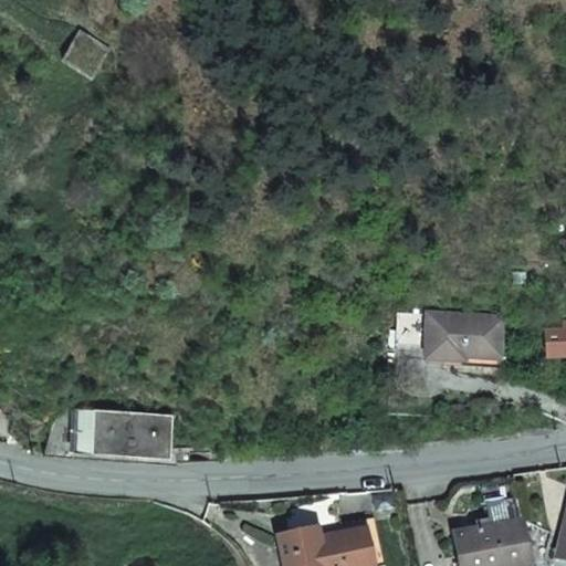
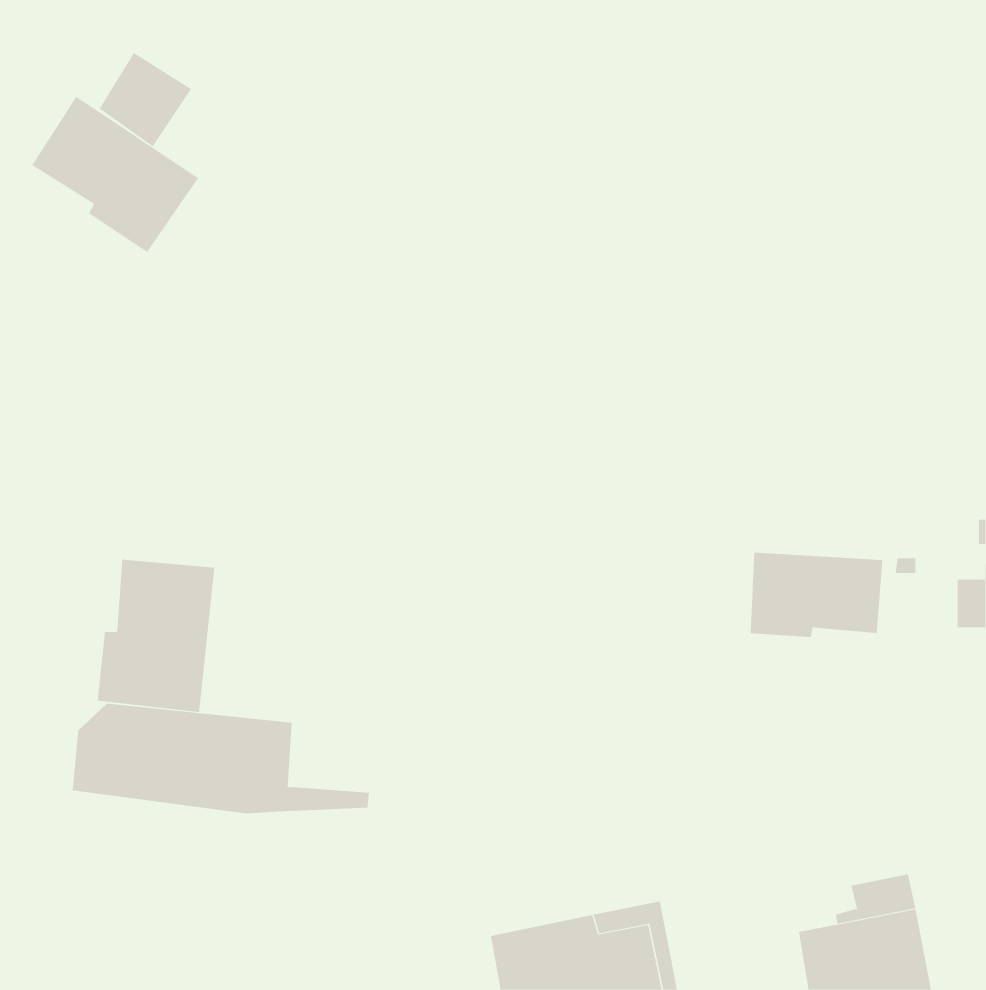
building: none -> [32,96,199,253]
building: none -> [97,559,215,713]

